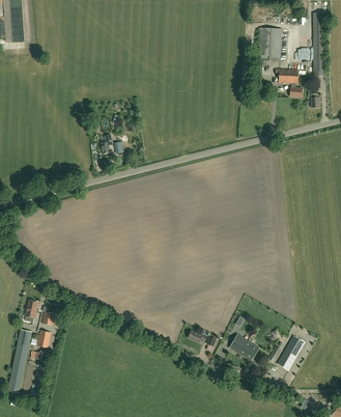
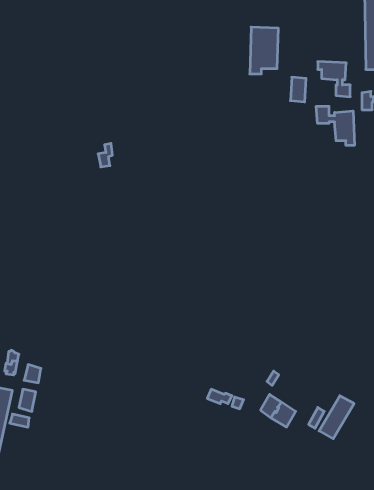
building: [258,28,281,65] -> [250,27,278,74]
building: none -> [316,106,354,145]

